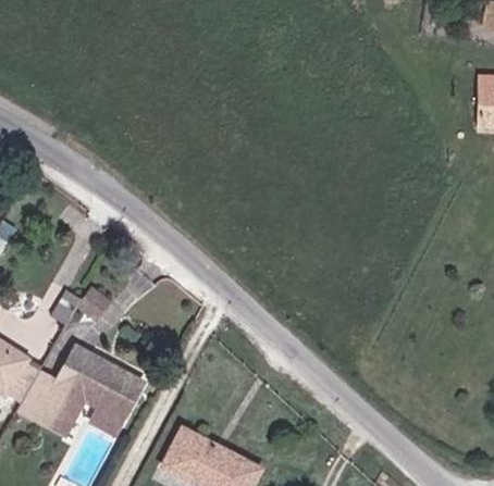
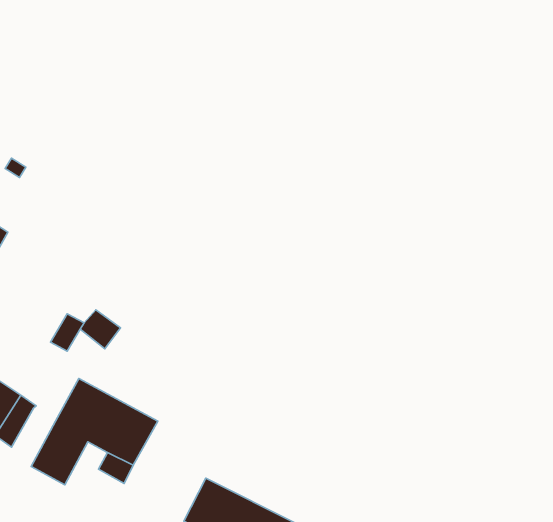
building: [15,370,55,419] -> none

